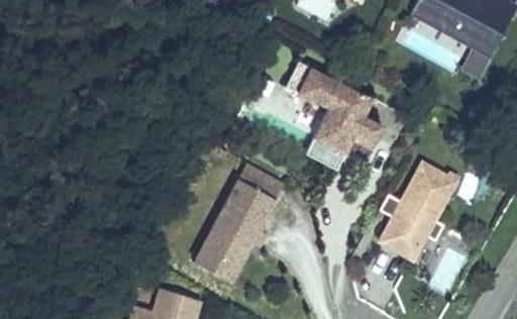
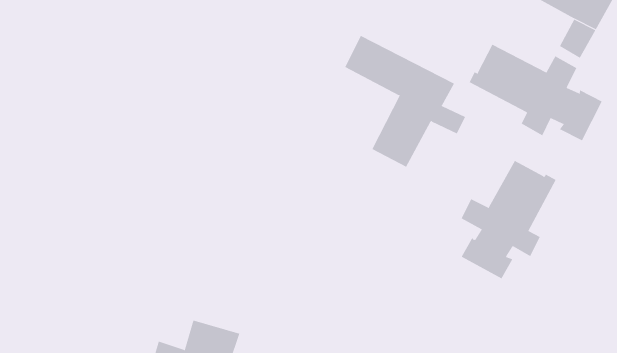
building: none -> [469,44,603,141]
building: [201,166,283,270] -> none

